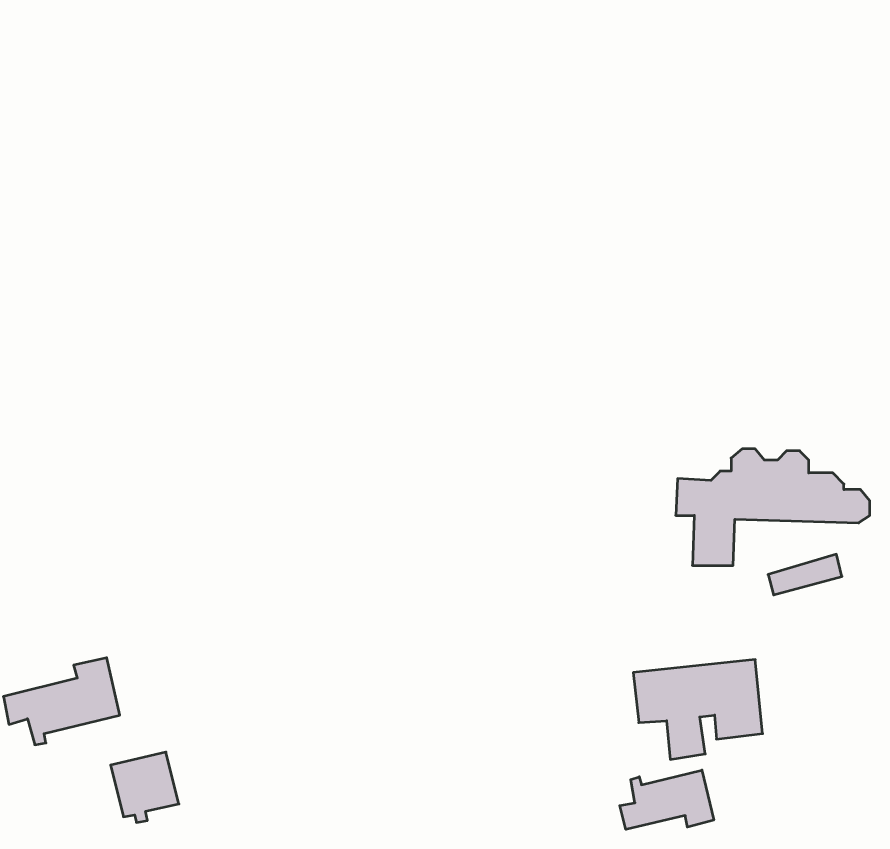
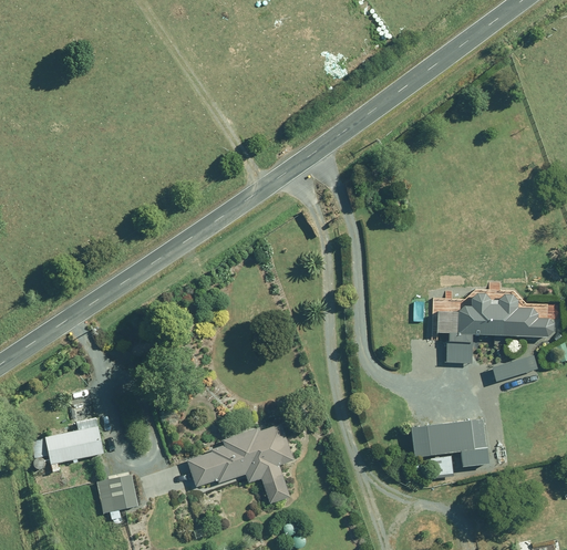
building: none -> [188,423,293,502]
building: [620,770,714,829] -> none

